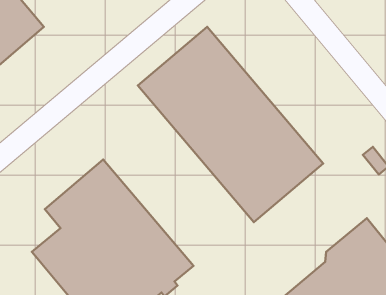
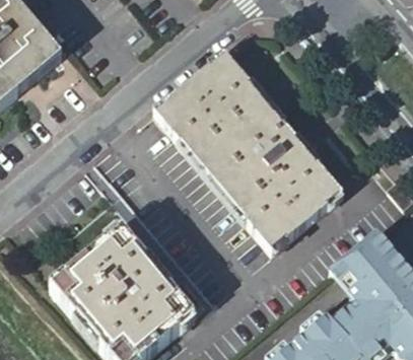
building: none -> [328,227,392,291]

